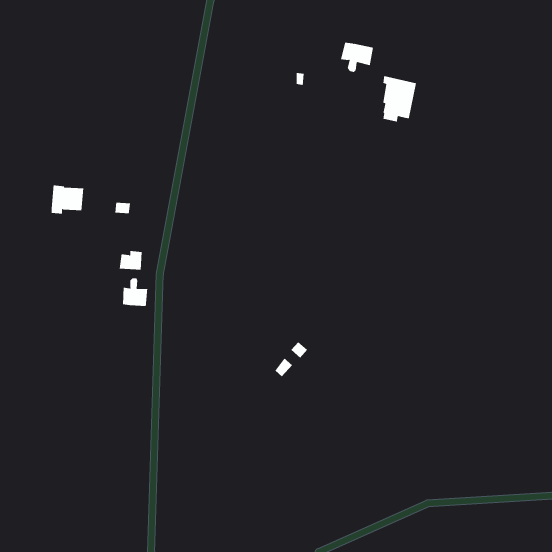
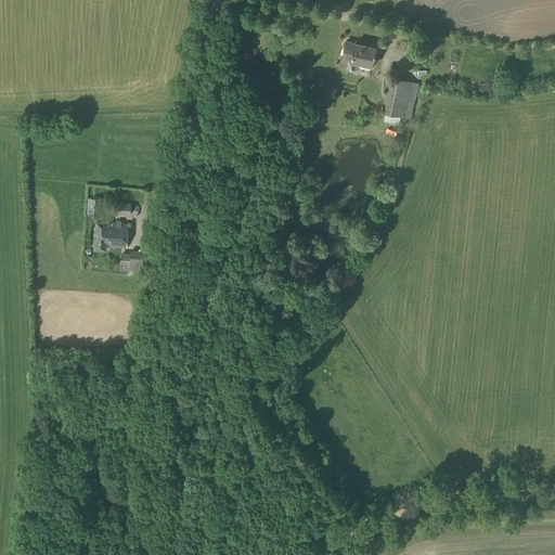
building: [51,185,84,214] -> [94,221,128,250]
building: [123,277,148,307] -> none

